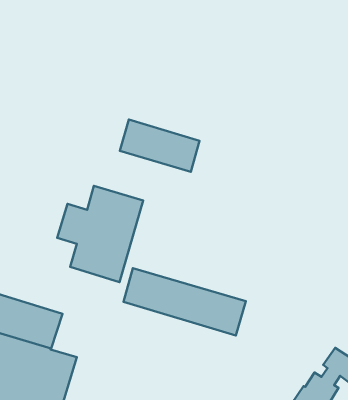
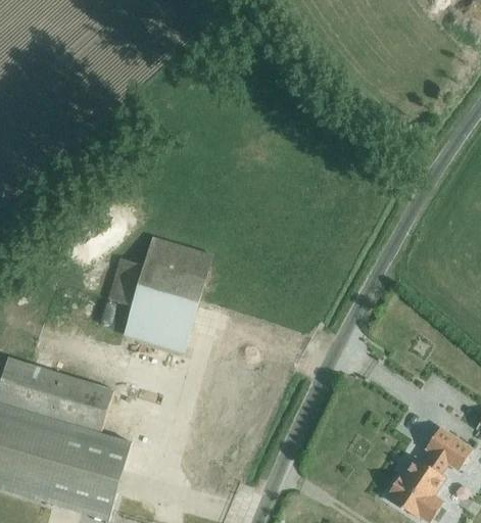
building: [120,119,200,172] -> none
building: [123,268,246,336] -> none

